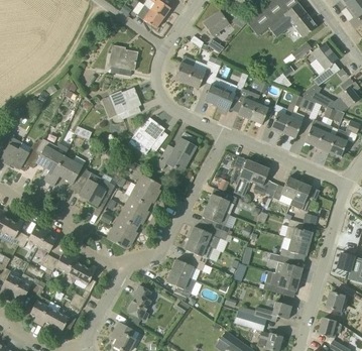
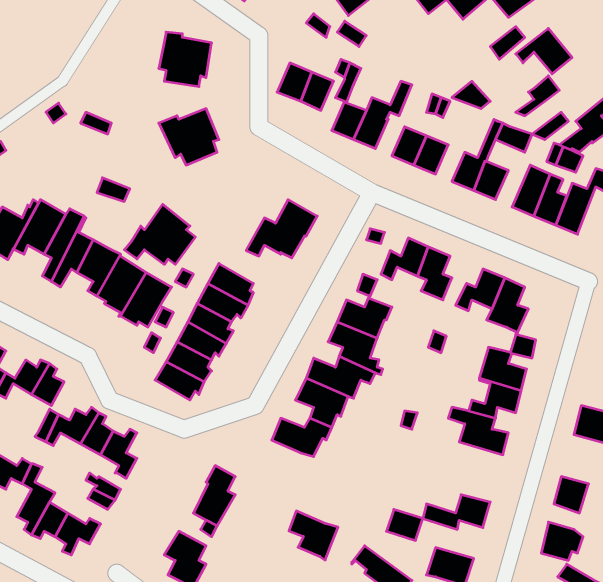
building: [128,117,167,150] -> [124,204,195,264]
building: [166,271,194,299] -> [289,511,338,560]
building: [263,272,298,296] -> none

